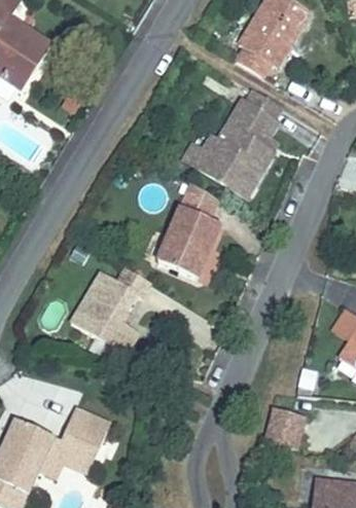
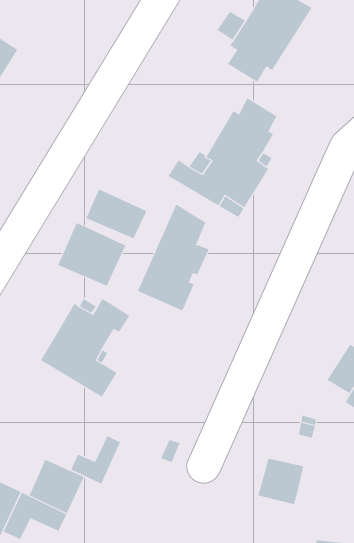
building: none -> [85,189,147,239]
building: none -> [58,222,126,287]
building: none -> [70,435,121,484]

